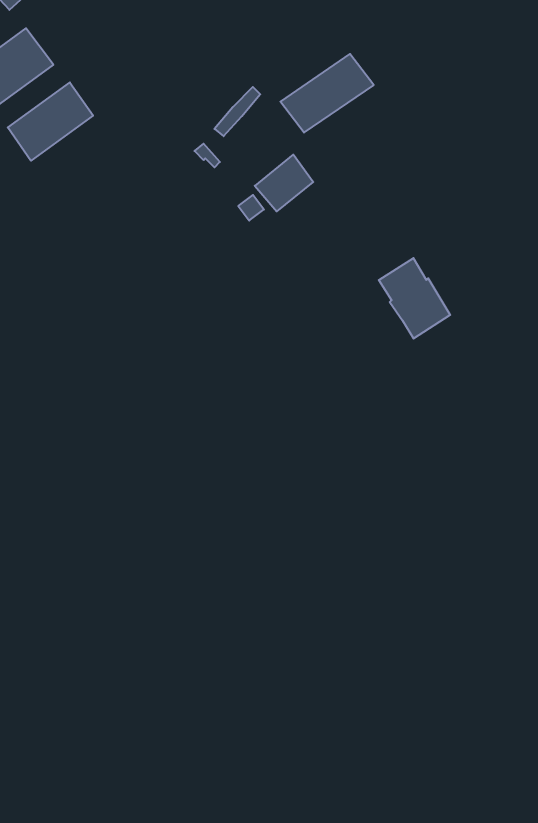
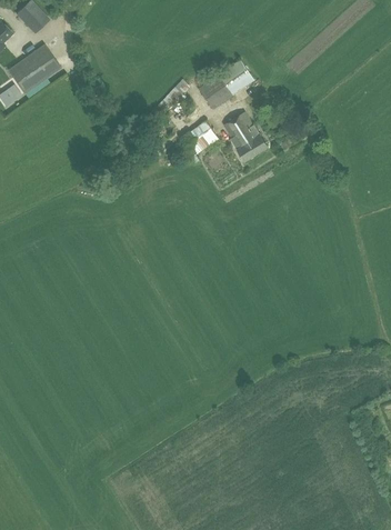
building: [8,82,93,161] -> none
building: [379,258,450,339] -> [223,112,267,161]

